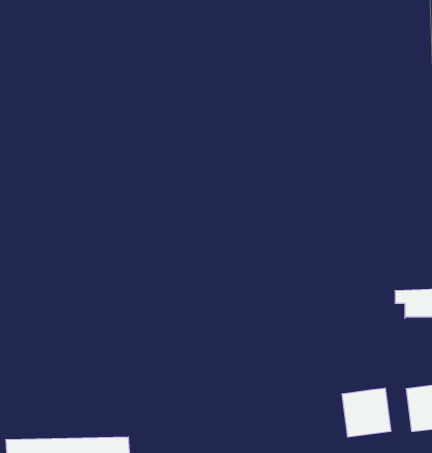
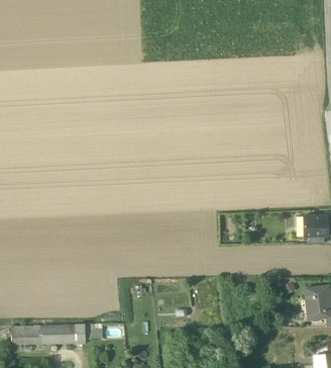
building: [342,388,391,437] -> none

